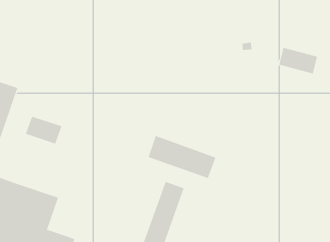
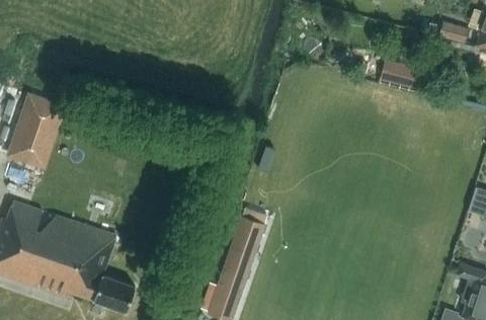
building: [25,116,62,144] -> none
building: [148,135,216,179] -> none

